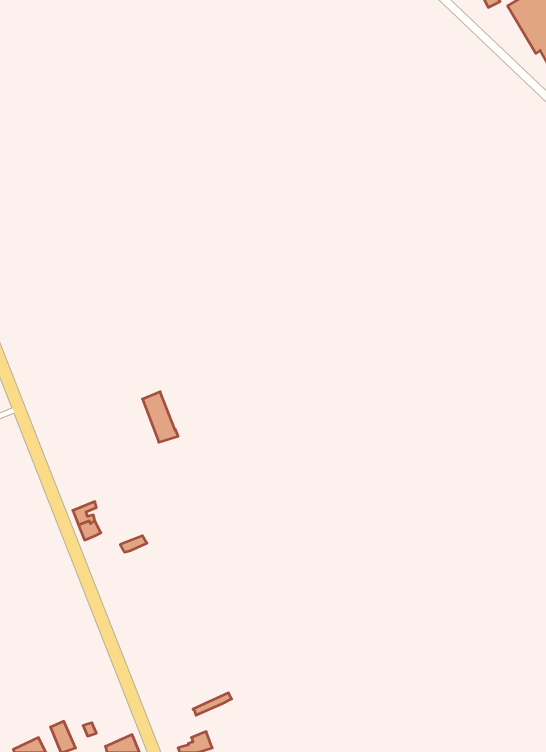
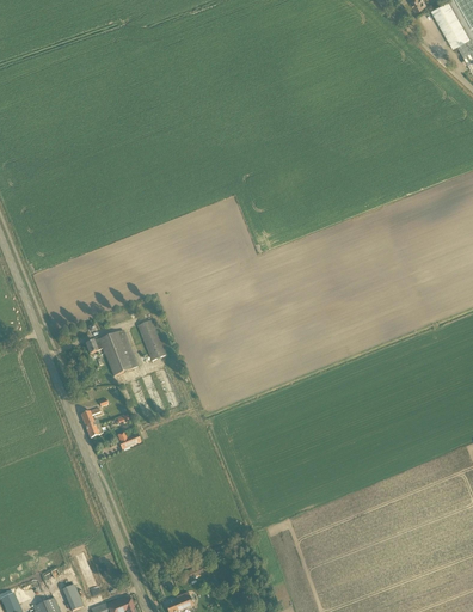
building: none -> [85,331,131,375]

